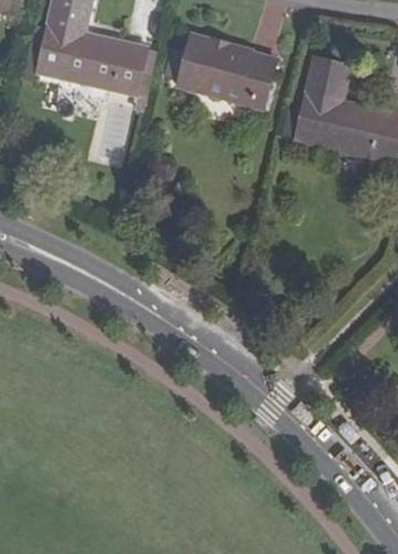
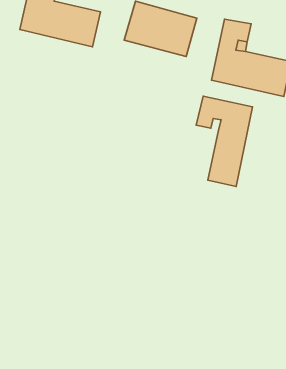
building: none -> [196,96,252,186]

